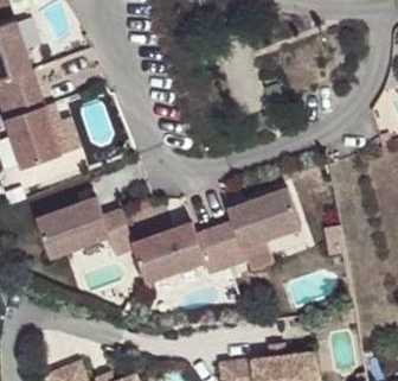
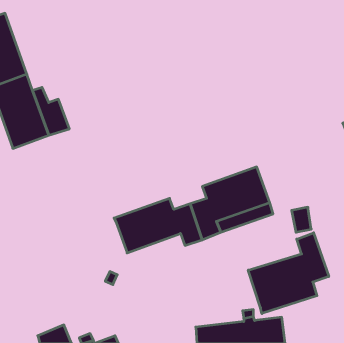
building: [38,197,135,256] -> none
building: none -> [248,233,329,314]

